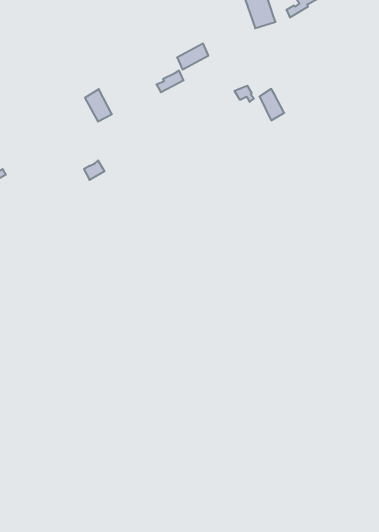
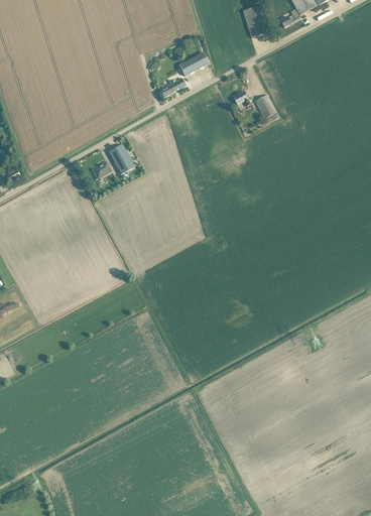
building: [85,89,112,122] -> [108,143,133,173]

